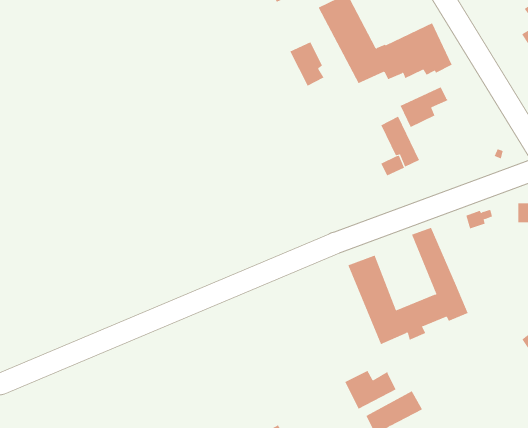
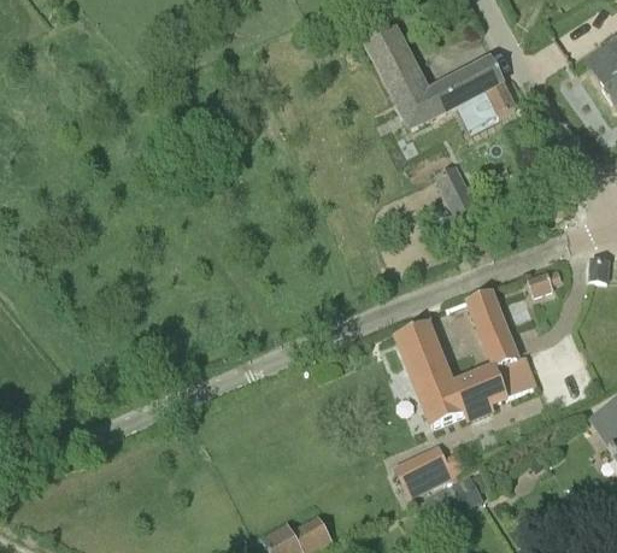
building: [289,41,325,87] -> none
building: [400,86,448,128] -> none

